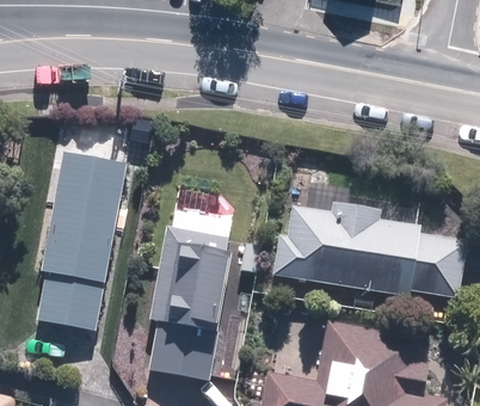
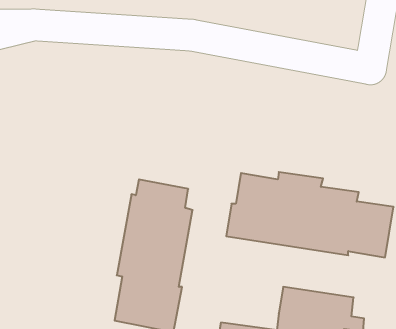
building: [31,155,125,333] -> none

